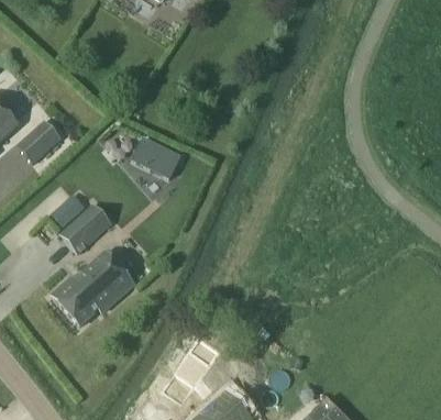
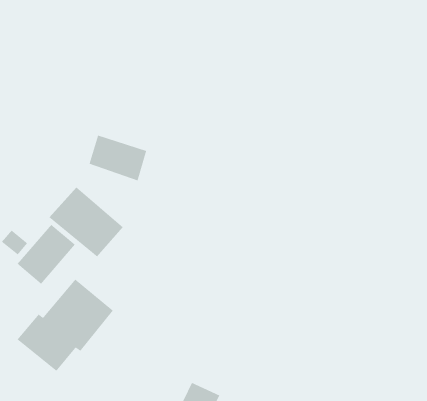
building: none -> [48,186,124,258]

